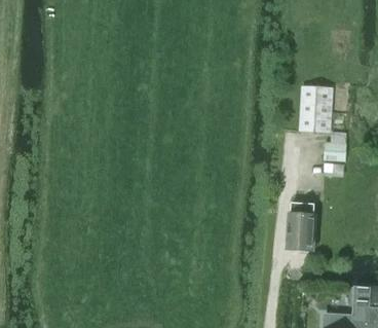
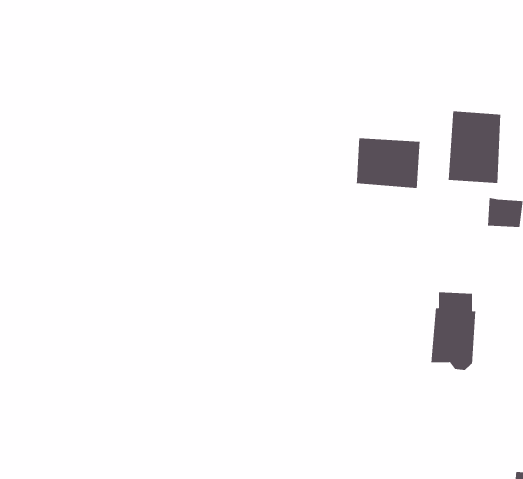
building: none -> [356,138,420,189]

